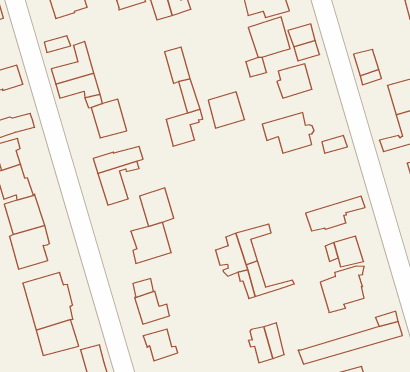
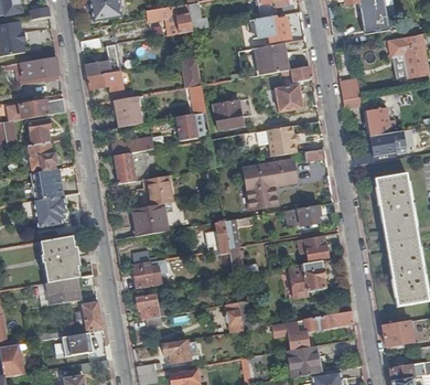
building: none -> [245,161,299,210]

